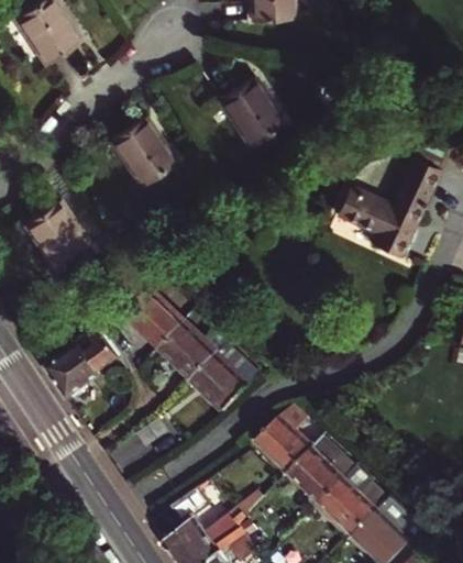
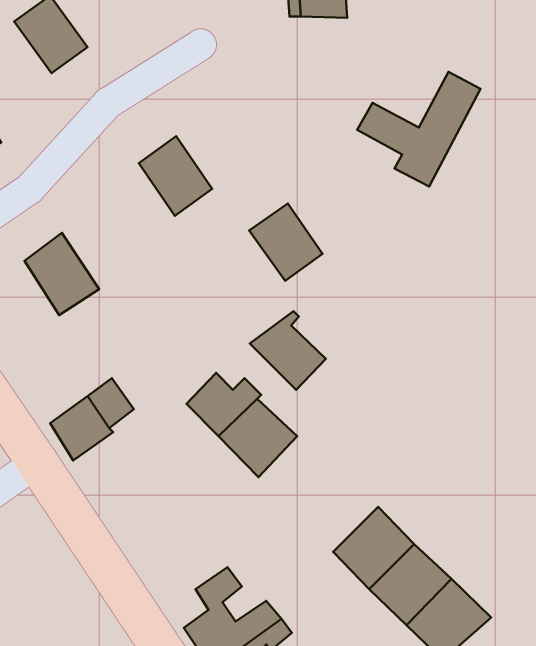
building: [225,77,288,143] -> [249,203,322,281]
building: [340,164,445,262] -> [357,72,481,187]
building: [121,280,186,347] -> [250,311,326,390]
building: [252,401,324,474] -> none

